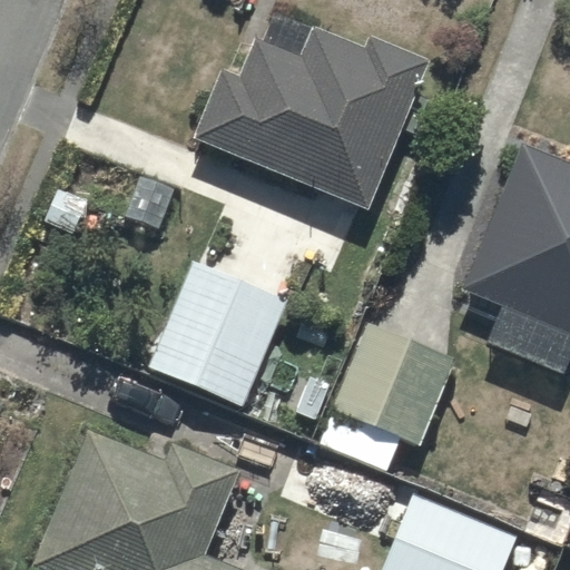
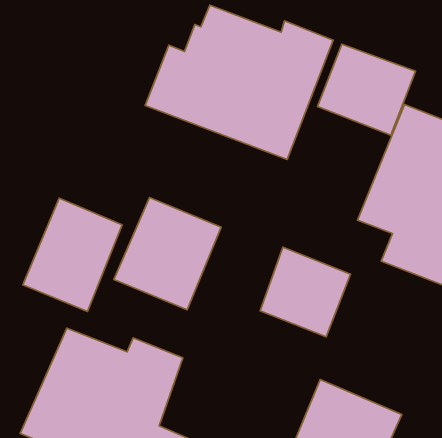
building: none -> [318,44,416,135]
building: none -> [23,198,122,312]

